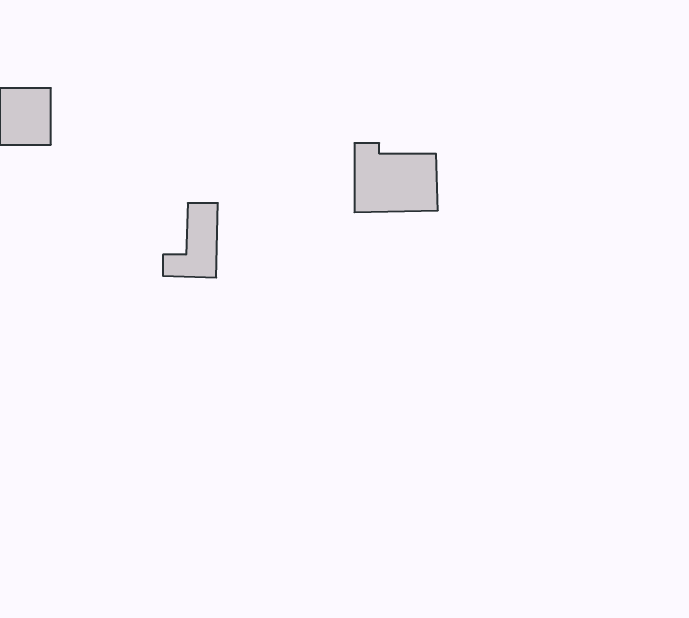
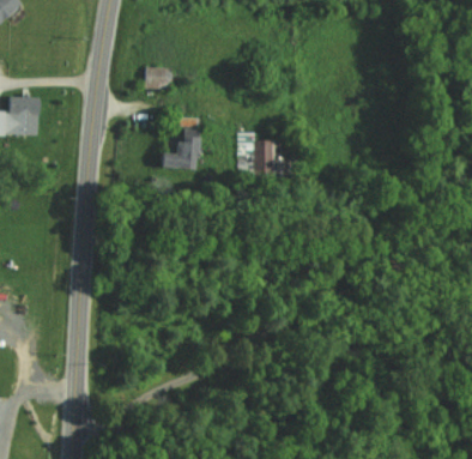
building: none -> [143,67,171,91]
building: [163,203,218,278] -> [158,117,195,168]

